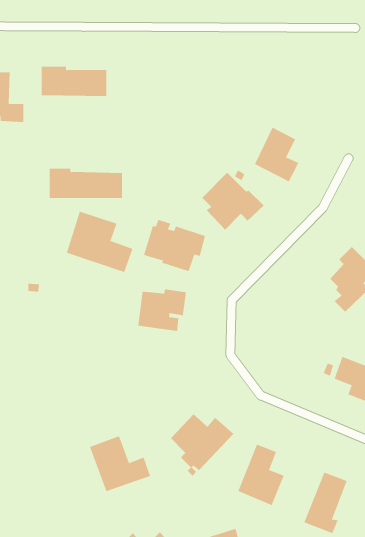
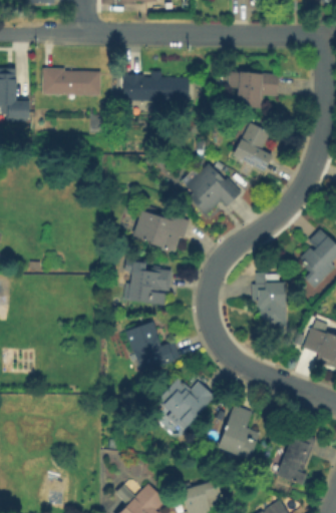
building: none -> [228,69,280,108]
building: [49,168,123,199] -> [123,74,190,101]
building: [66,211,133,273] -> none
building: none -> [252,273,286,326]
building: [89,436,151,492] -> [125,322,181,372]

